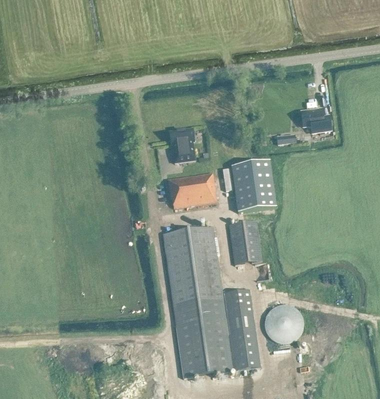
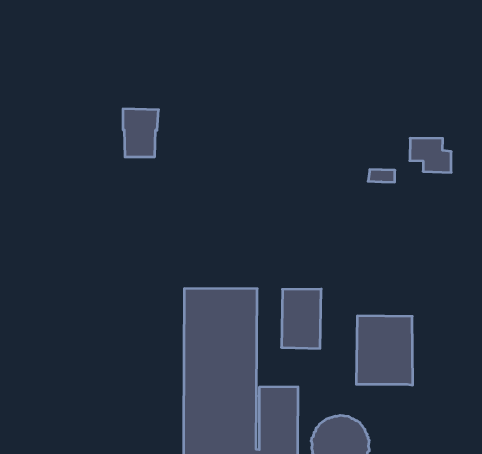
building: [168,128,194,163] -> [123,109,159,157]
building: [231,161,275,212] -> [356,316,413,385]
building: [167,173,215,207] -> none

